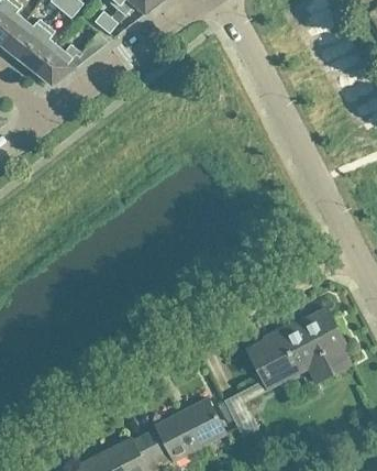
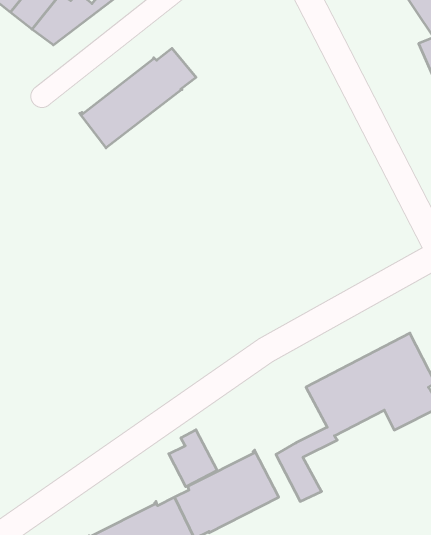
building: none -> [80,48,196,148]
building: none -> [169,430,217,487]

